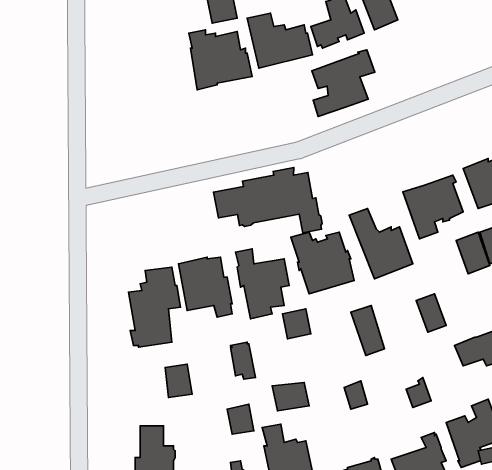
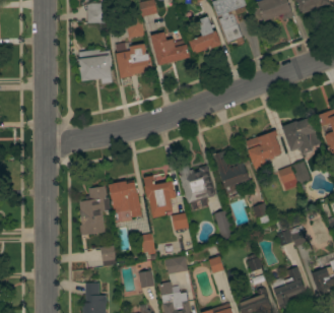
building: none -> [78,49,112,83]
building: [312,50,375,117] -> none
building: [214,168,322,233] -> none

